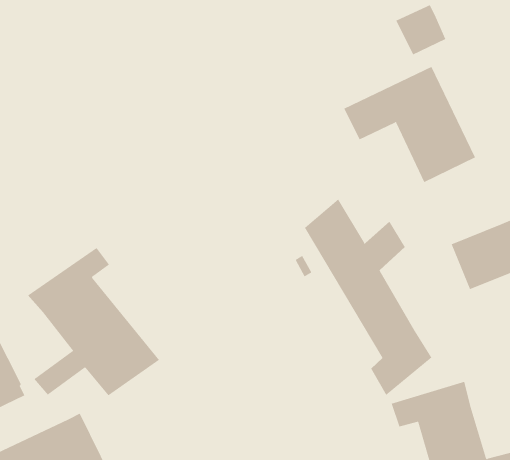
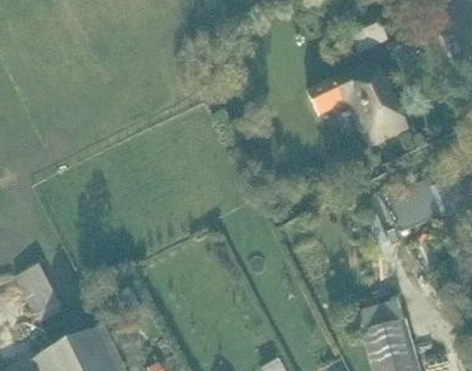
building: [304,199,432,396] -> none
building: [27,247,160,396] -> none

